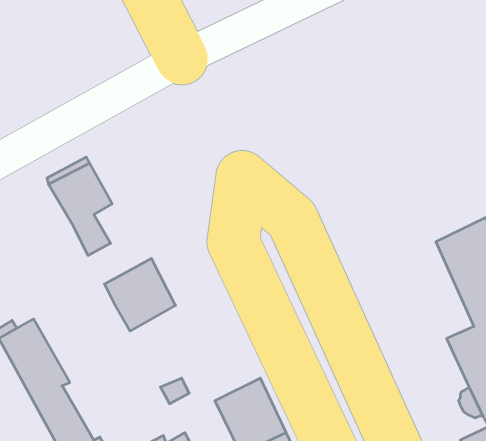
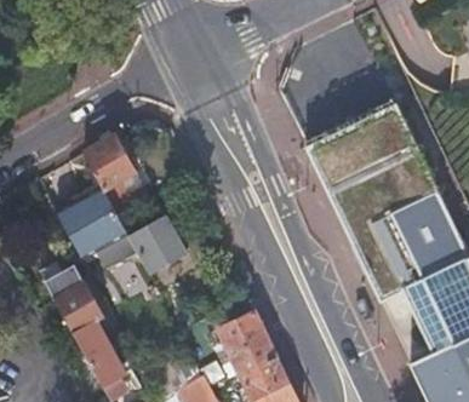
building: none -> [56,190,136,269]

